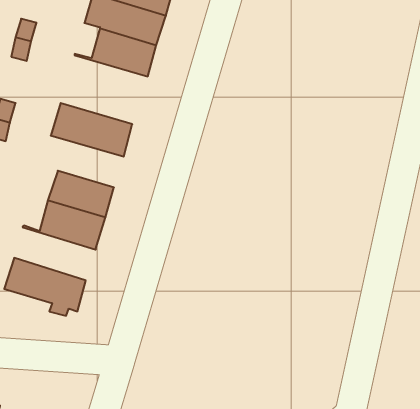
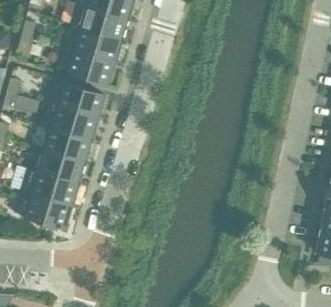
building: none -> [56,46,115,83]
building: none -> [40,103,98,140]
building: none -> [20,168,78,206]

